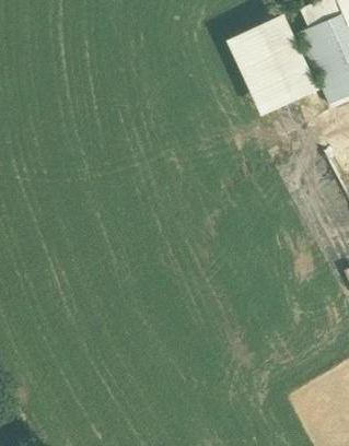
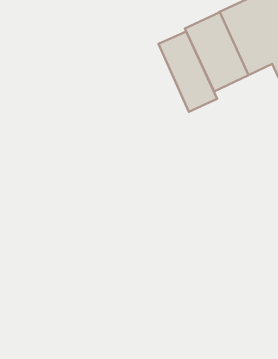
building: none -> [158,32,217,112]

